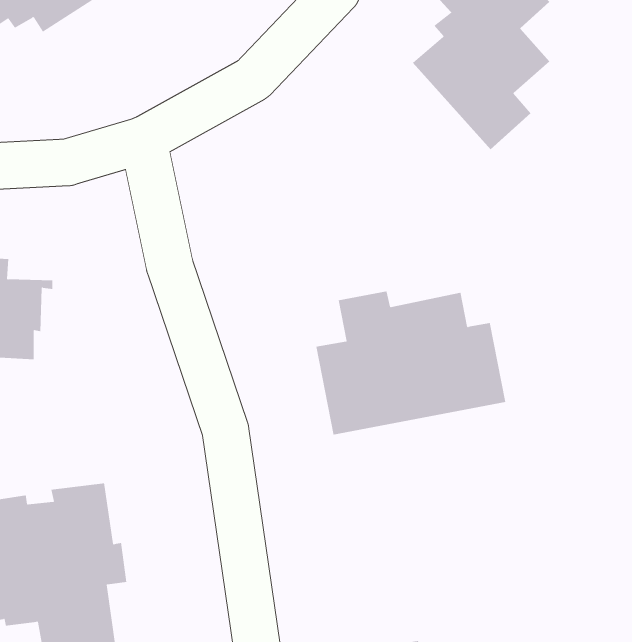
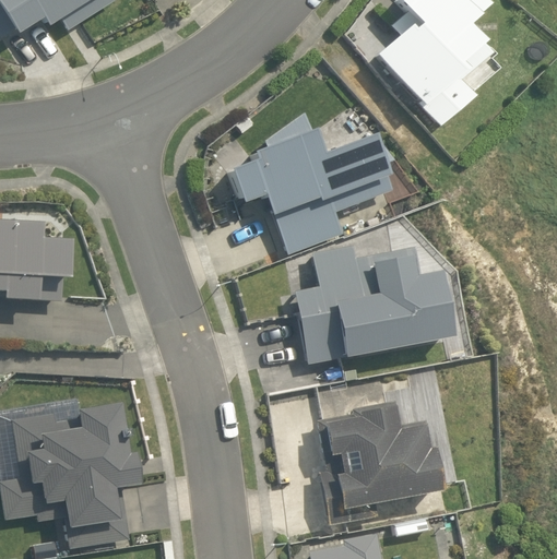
building: none -> [228,110,393,253]
building: none -> [318,400,442,524]

